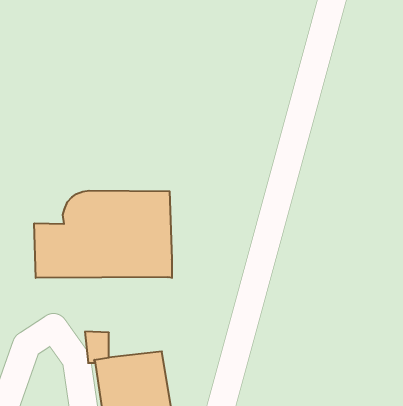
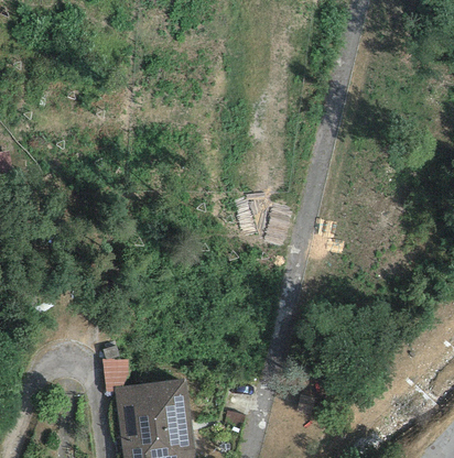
building: [34,191,172,278] -> none

